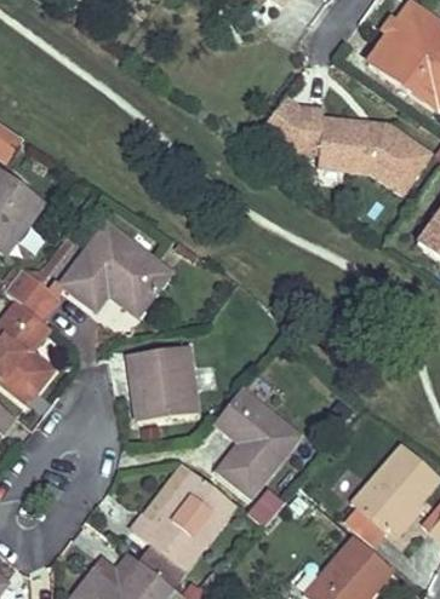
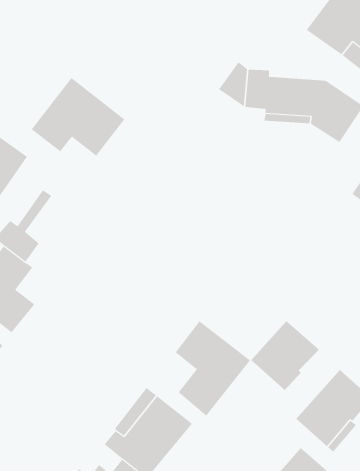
building: [62,224,170,315] -> [31,77,125,156]
building: [127,349,196,421] -> none
building: none -> [251,320,320,391]

